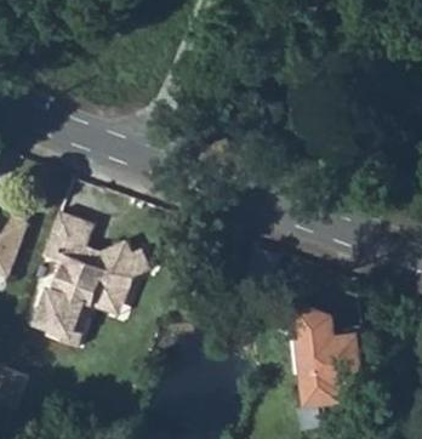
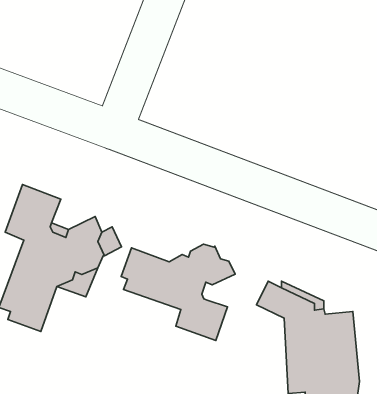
building: none -> [121,244,235,341]

